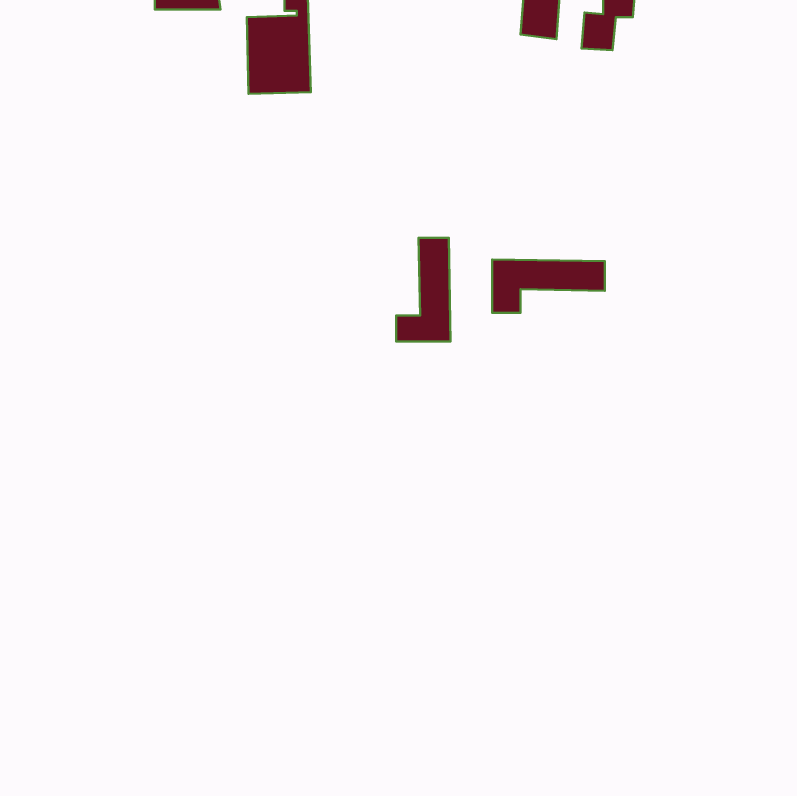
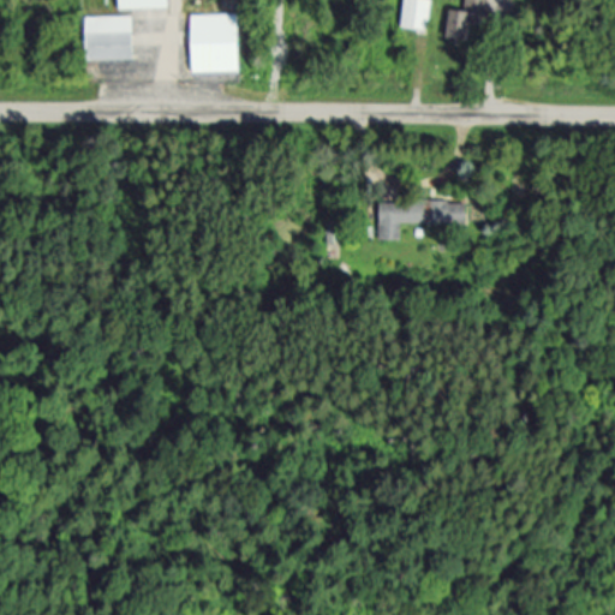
building: none -> [85,16,133,59]
building: [396,238,450,341] -> none

